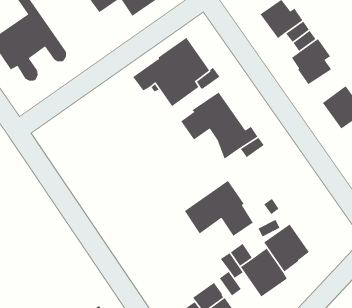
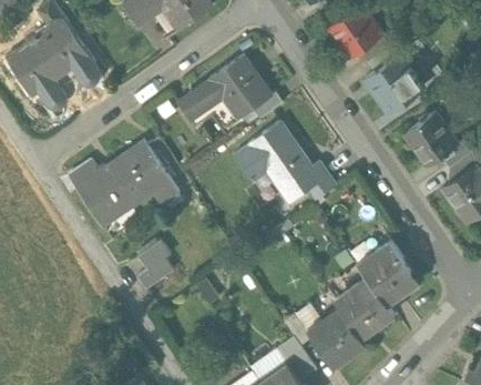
building: none -> [71,142,180,227]
building: [184,180,254,237] -> none
building: none -> [137,241,174,291]
building: none -> [359,243,420,306]

